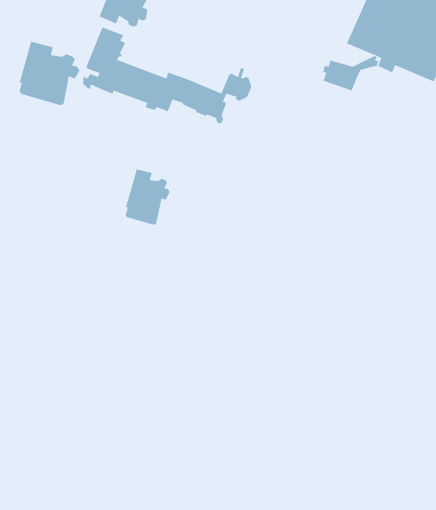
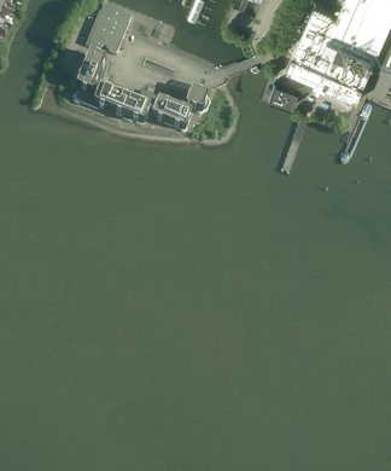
building: [19,41,80,106] -> none
building: [125,168,170,226] -> none

